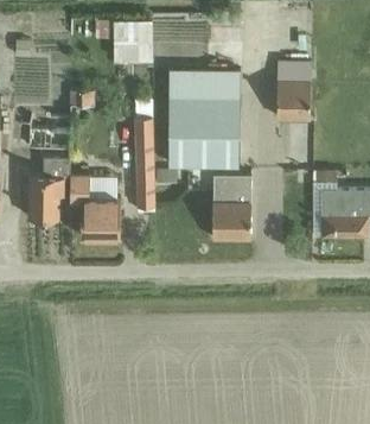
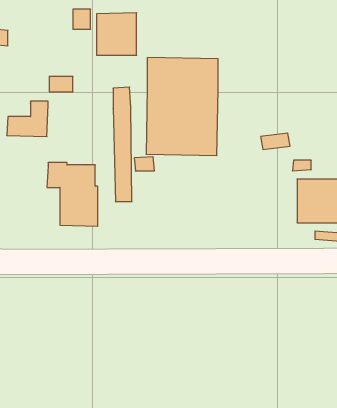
building: [275,62,310,120] -> none
building: [26,156,69,220] -> none
building: [211,175,250,240] -> none

